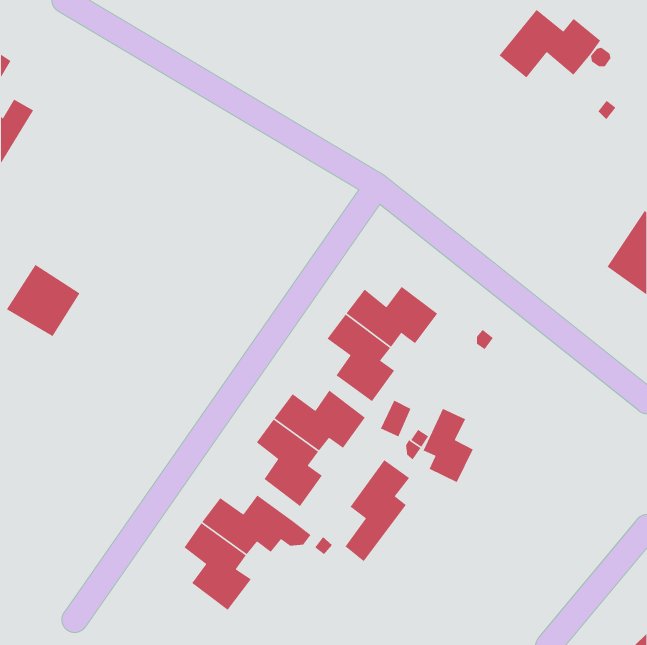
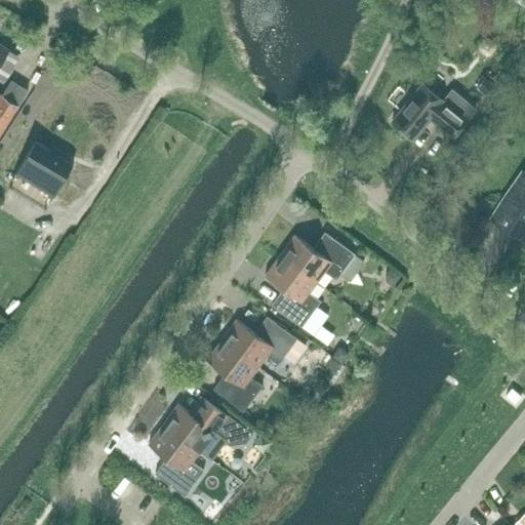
building: [499,9,601,78] -> [392,84,475,140]
building: [6,264,81,337] -> [12,143,73,202]
building: [422,408,474,483] -> none
building: [344,459,410,562] -> none

